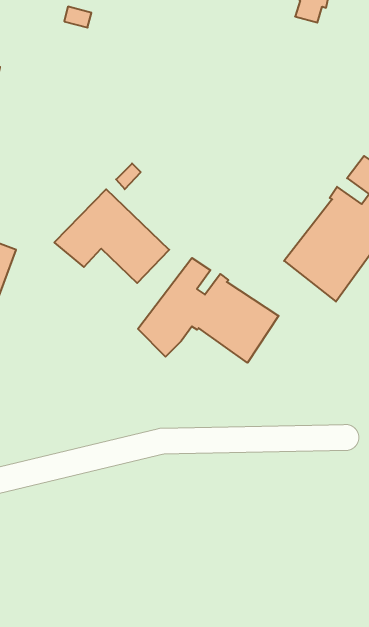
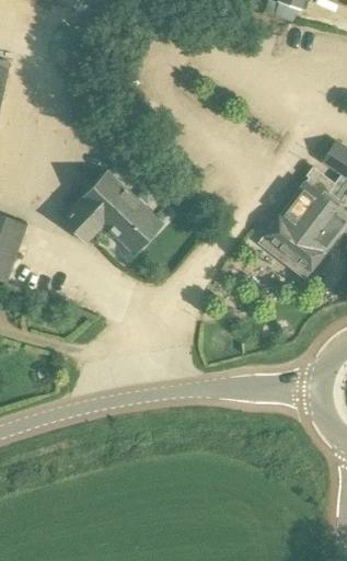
building: [138,258,279,363] -> none

